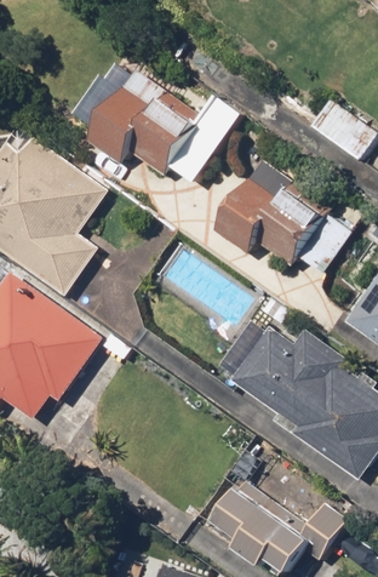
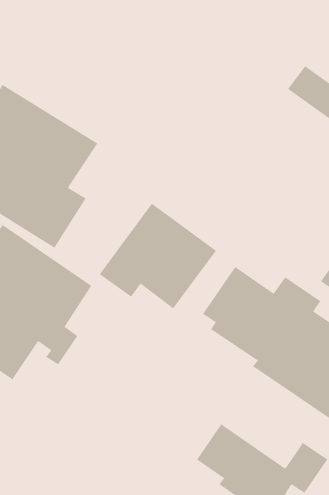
building: [69,51,239,187] -> none
building: [211,156,333,267] -> [99,203,217,309]

